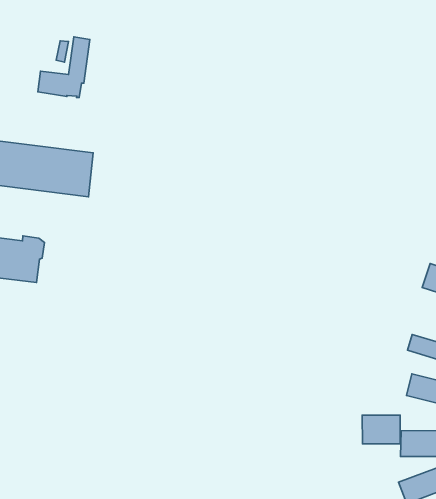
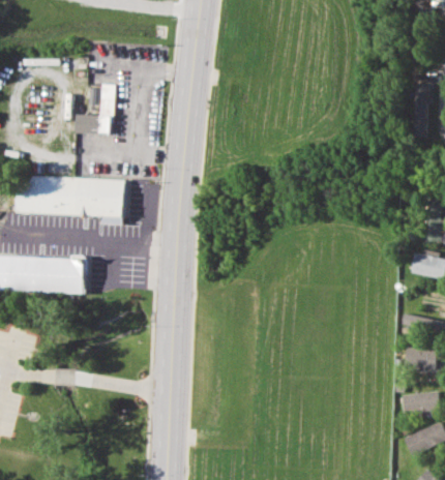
building: [362,415,400,444] -> none

